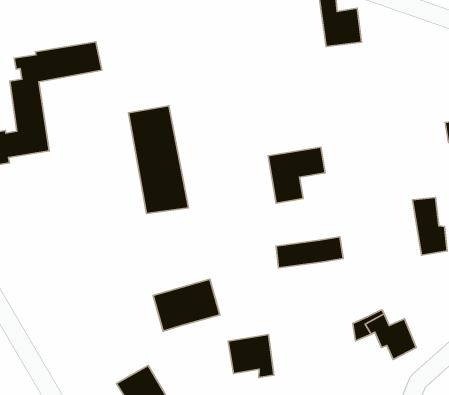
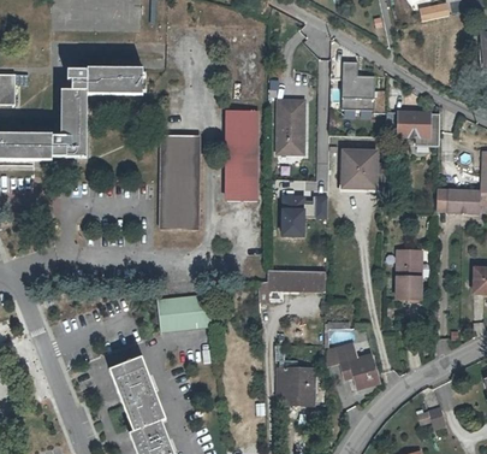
building: none -> [386,94,429,146]
building: none -> [278,104,304,155]
building: none -> [225,107,257,196]
building: none -> [340,152,374,187]
building: [228,334,274,378] -> [277,368,313,405]

